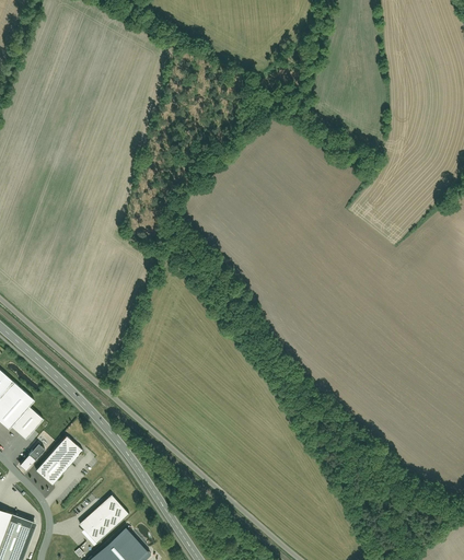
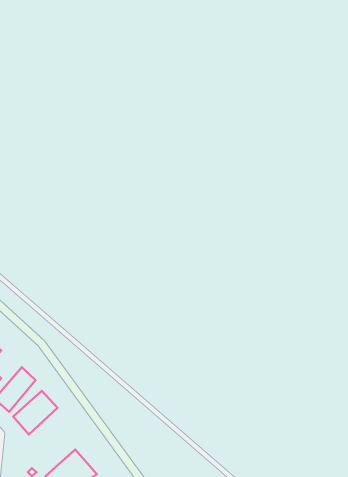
building: [79,494,128,542] -> [13,391,57,434]

